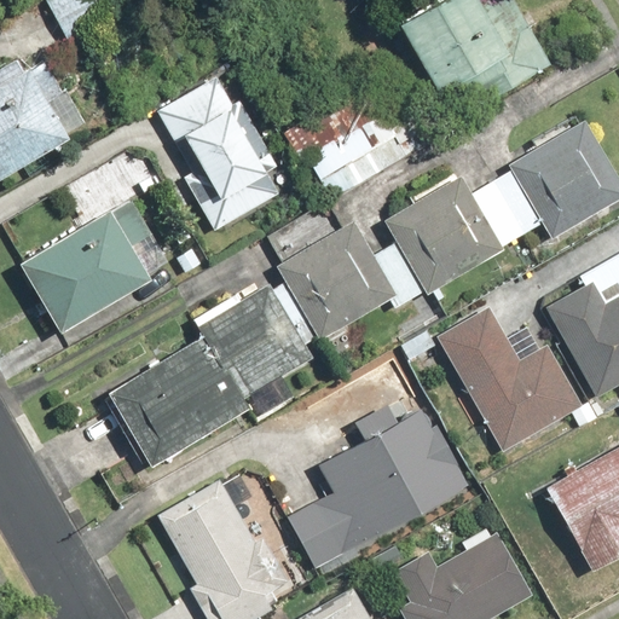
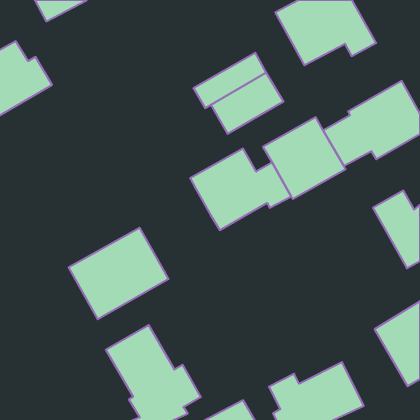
building: [157,76,278,231] -> none
building: [24,199,169,328] -> none
building: [197,279,317,424] -> none
building: [438,306,583,449] -> none
building: [287,407,468,569] -> none

